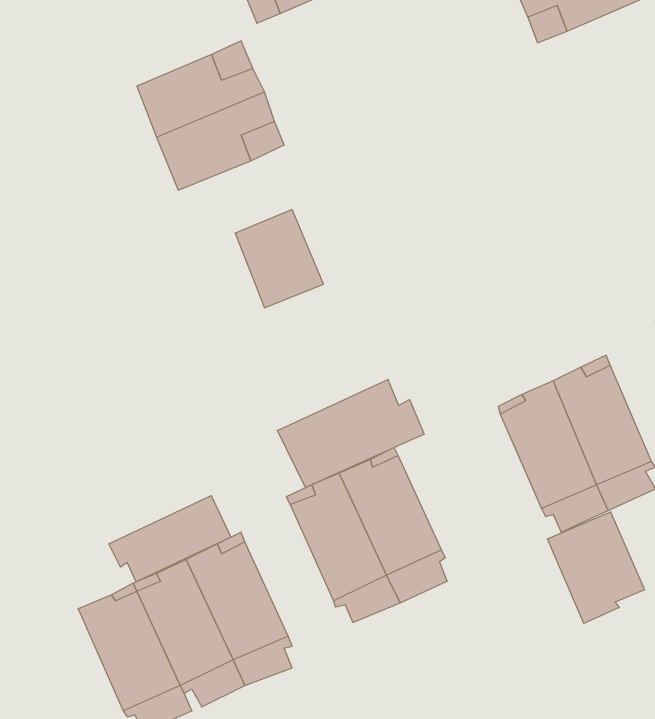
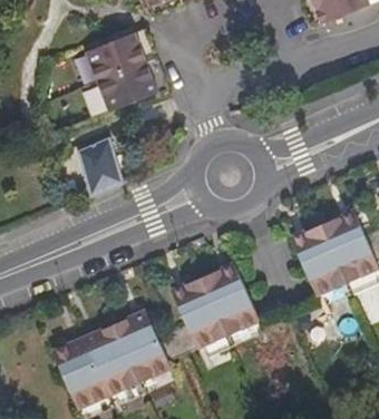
building: [235,209,323,308] -> [75,134,125,189]
building: [277,379,424,488] -> none
building: [109,496,231,582] -> none
building: [548,512,644,623] -> none

